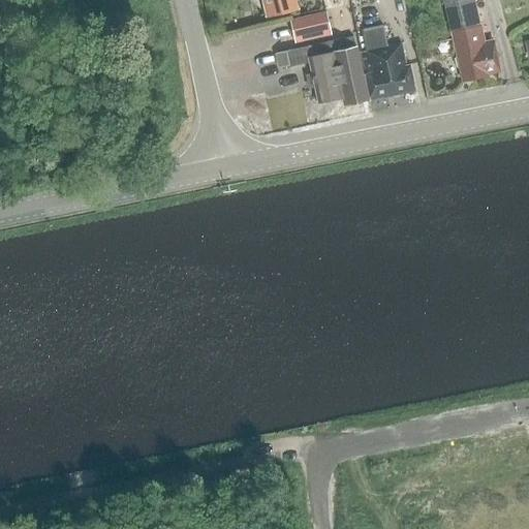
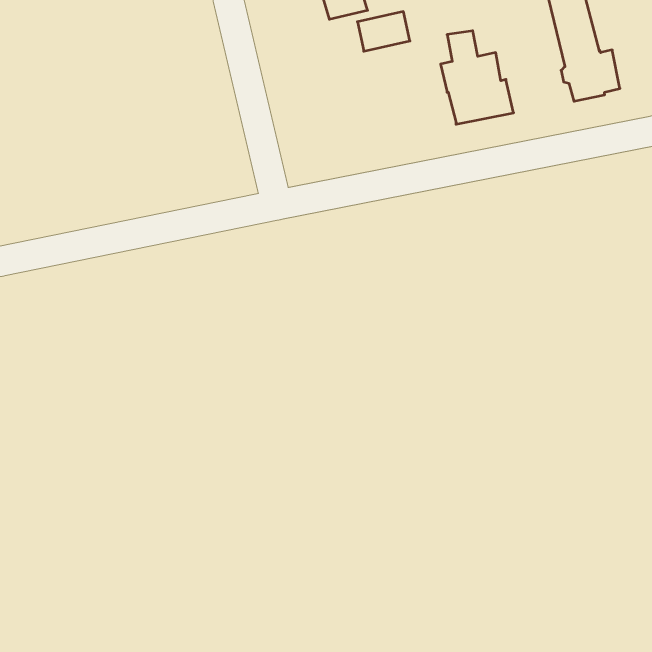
building: [278,36,370,104] -> none

